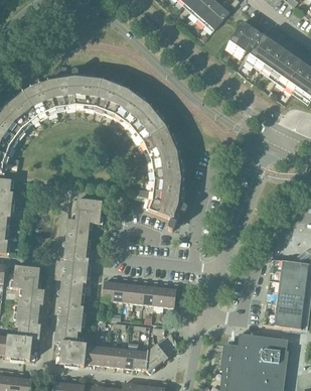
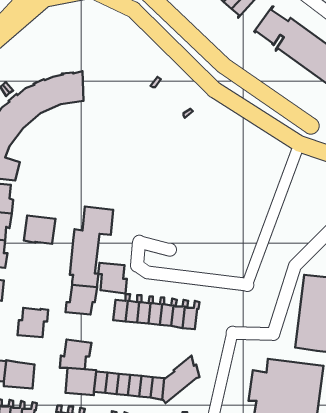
building: [74,79,186,230] -> none
building: [12,265,40,290] -> [24,216,56,244]
building: [58,292,84,319] -> [98,263,127,293]
building: [15,312,40,340] -> none

